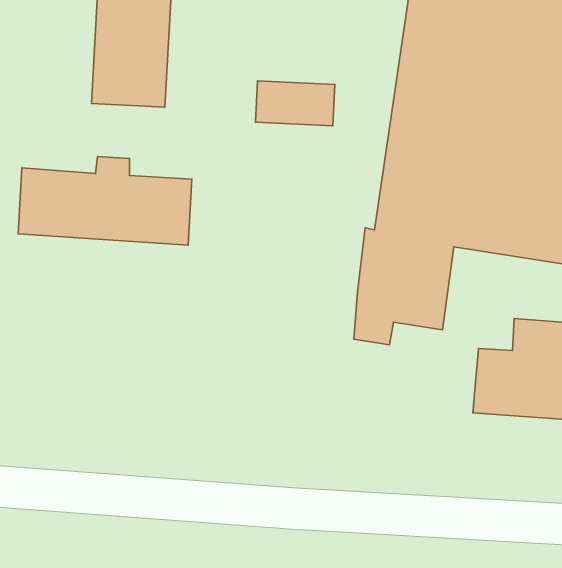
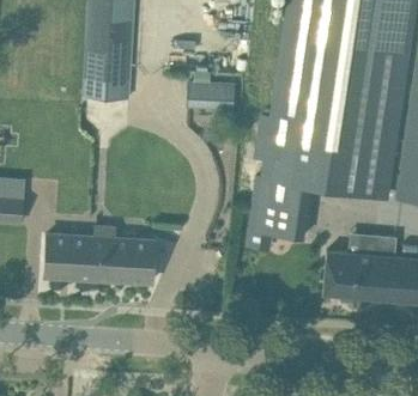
building: [18,157,192,245] -> [43,229,153,285]

